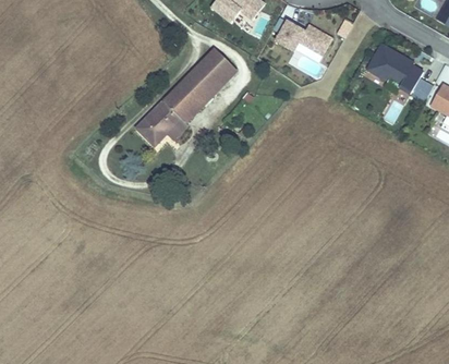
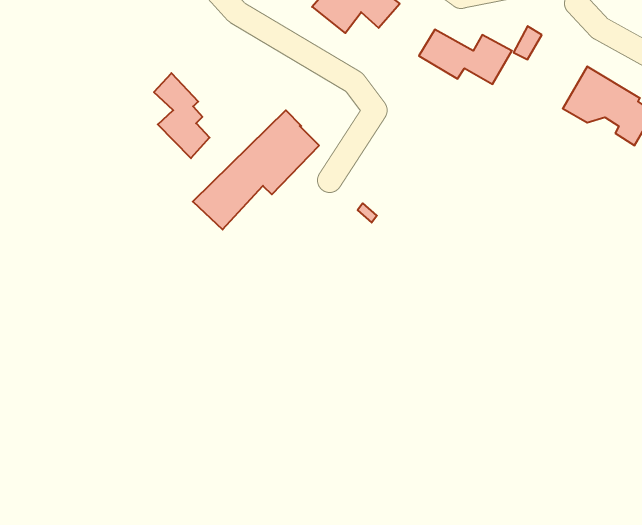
building: none -> [154,73,210,158]
building: [194,49,235,92] -> none

